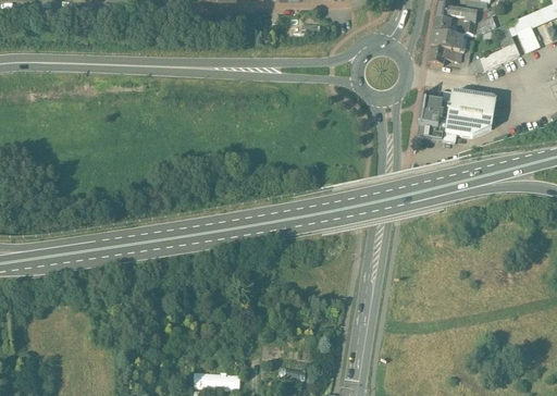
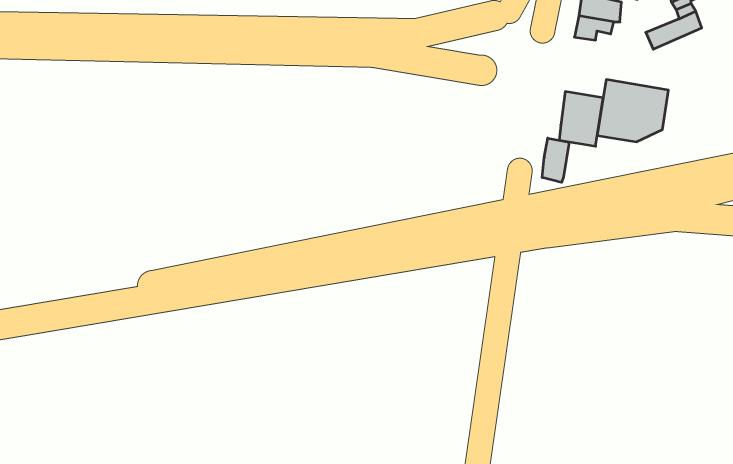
building: none -> [542,138,569,182]

